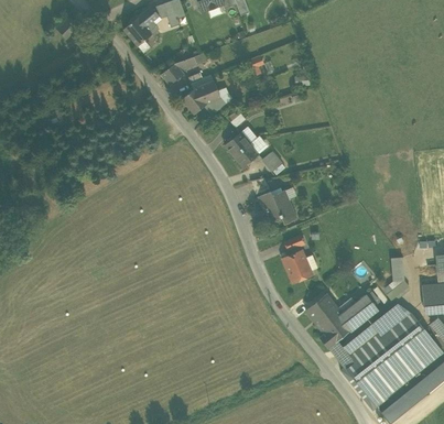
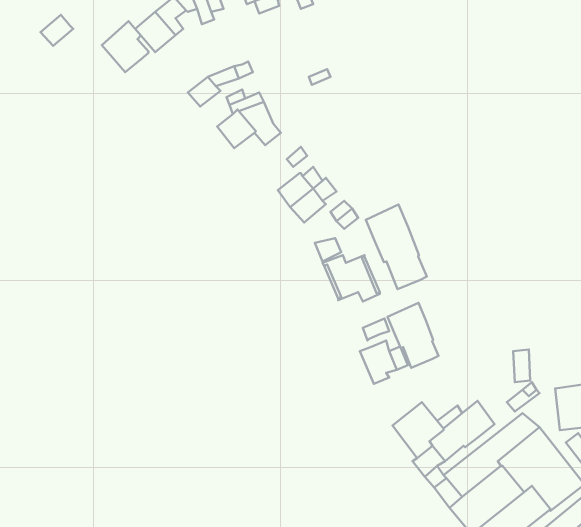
building: none -> [102,21,148,72]
building: none -> [366,204,427,289]
building: none -> [388,303,439,368]

